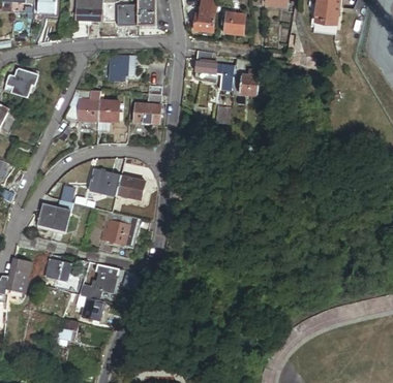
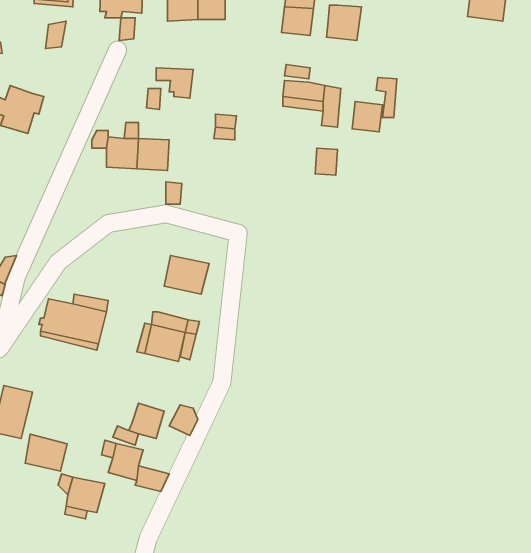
building: [135,103,162,123] -> none
building: [90,169,121,195] -> none
building: [46,257,72,281] -> [25,434,67,471]

